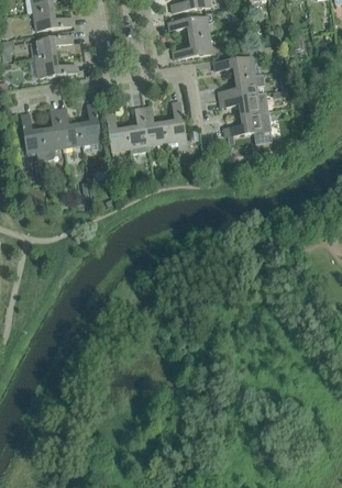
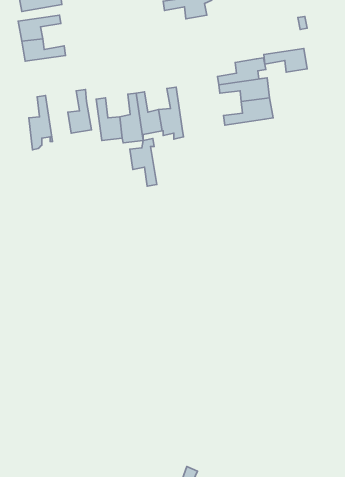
building: [173,34,212,59] -> none
building: [214,56,255,78] -> [264,49,307,72]
building: [58,108,82,152] -> none
building: [21,113,46,160] -> none
building: none -> [130,139,157,186]

